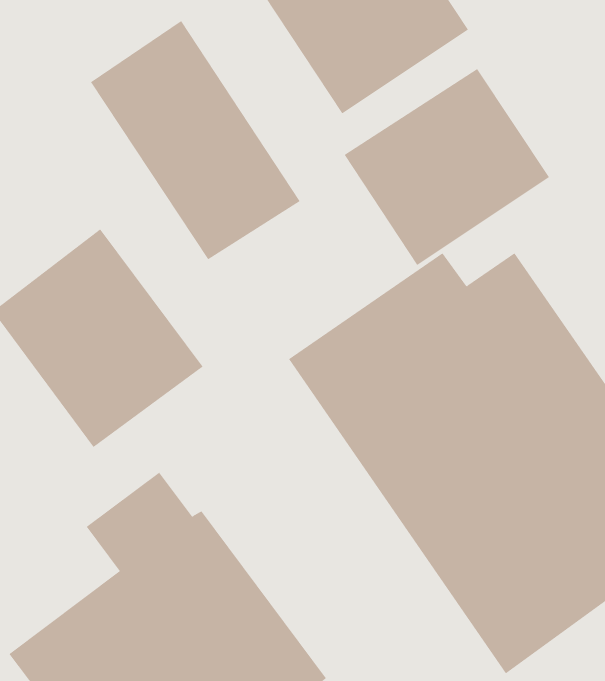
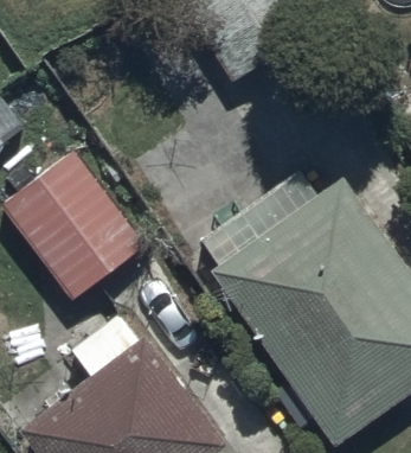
building: [90,20,300,260] -> none
building: [344,68,550,266] -> none

